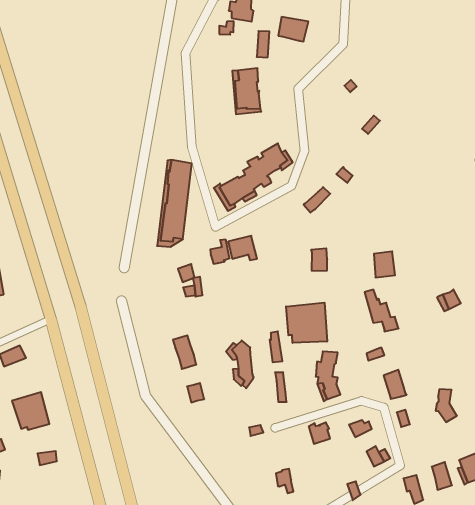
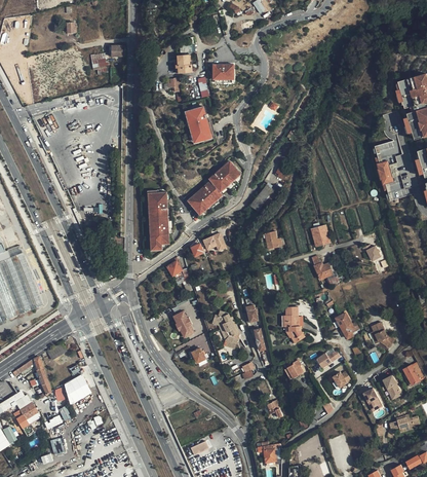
building: [286,303,327,343] -> none

